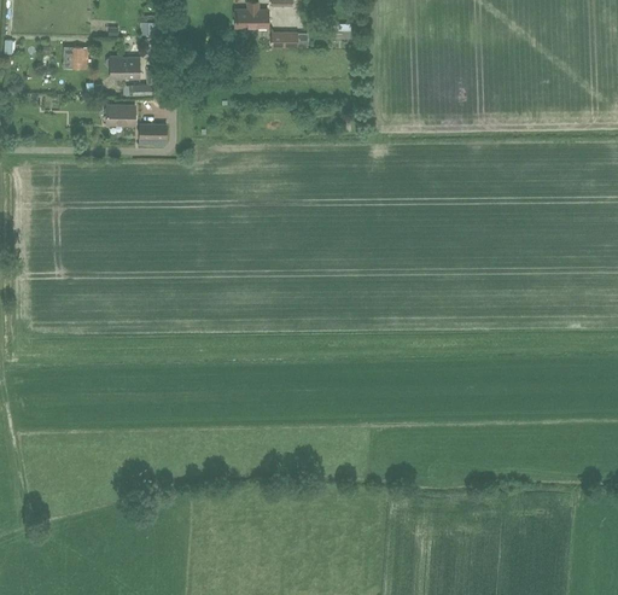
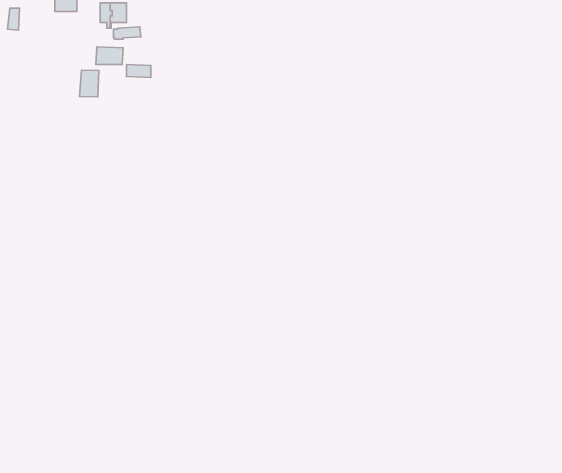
building: none -> [79,70,99,97]

